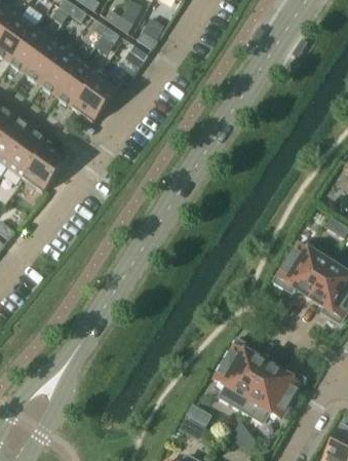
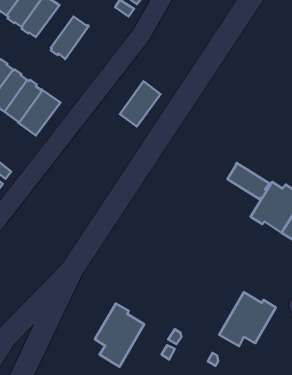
building: [41,50,82,97] -> none
building: [73,73,117,122] -> [120,81,160,126]
building: none -> [227,163,270,199]
building: [214,340,267,409] -> [95,303,144,367]

